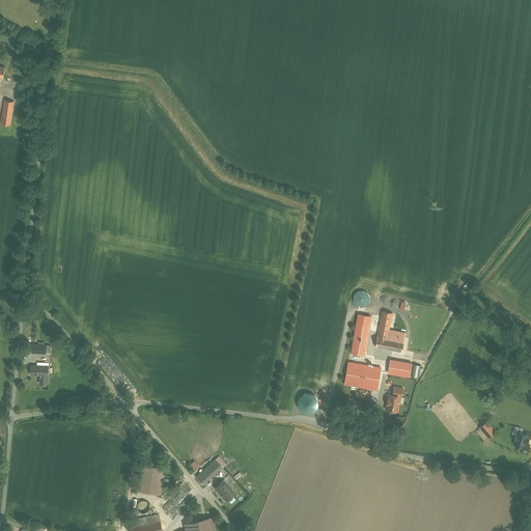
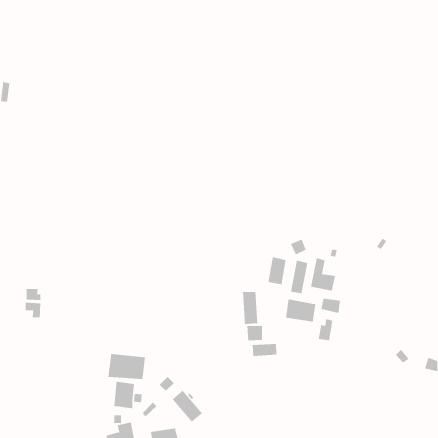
building: none -> [268,257,286,285]
building: none -> [243,291,258,325]
building: none -> [252,343,277,357]
building: none -> [108,353,145,380]

